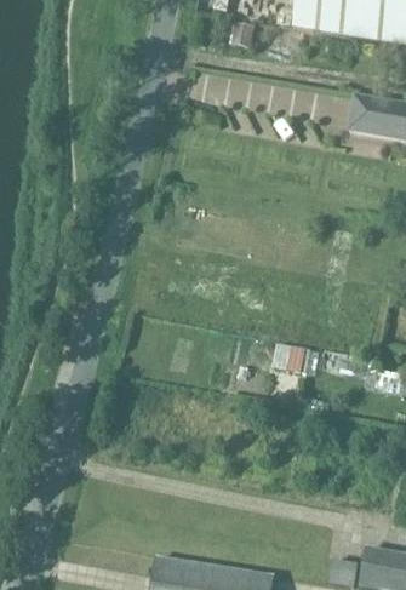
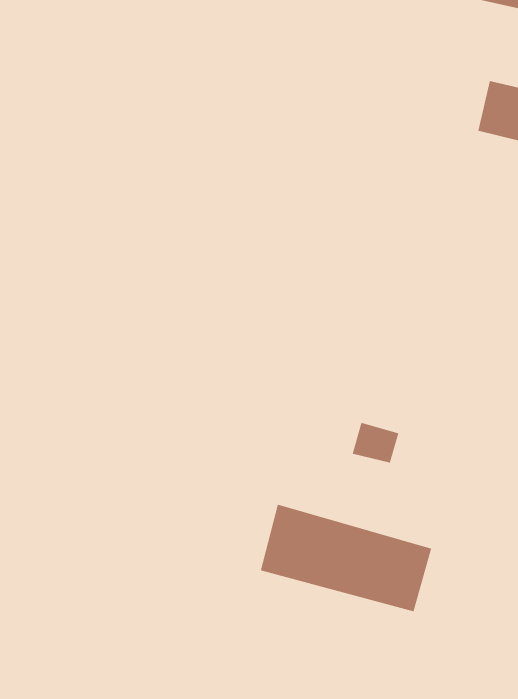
building: none -> [260,504,432,612]

